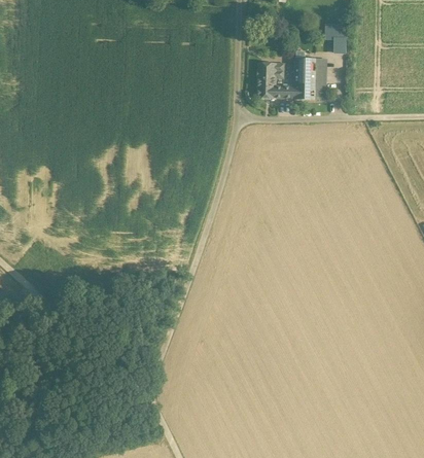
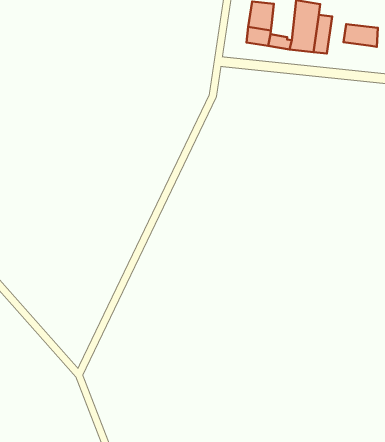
building: none -> [344,24,378,47]

